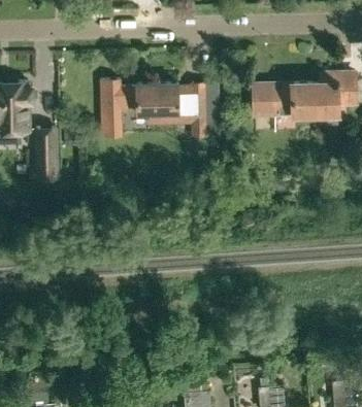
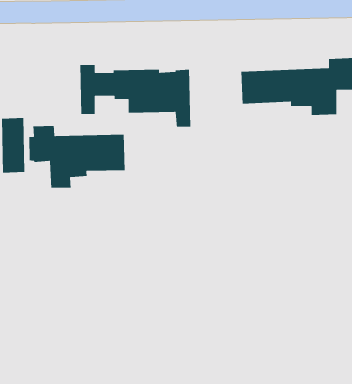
building: none -> [29,125,126,188]

